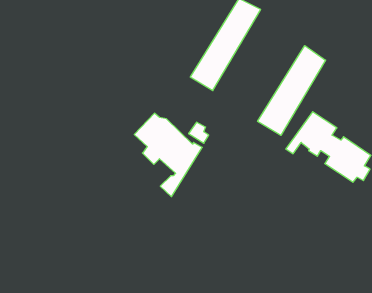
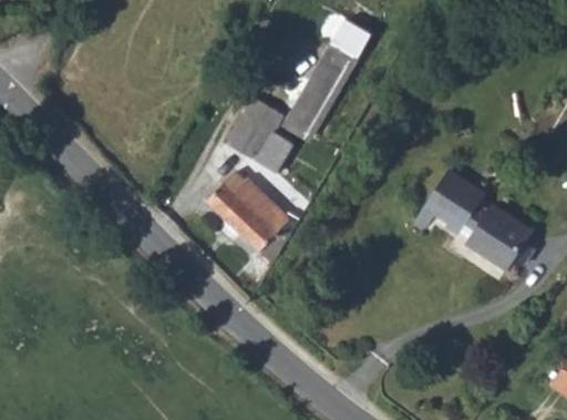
building: [258,46,326,135] -> none
building: none -> [227,95,296,172]

